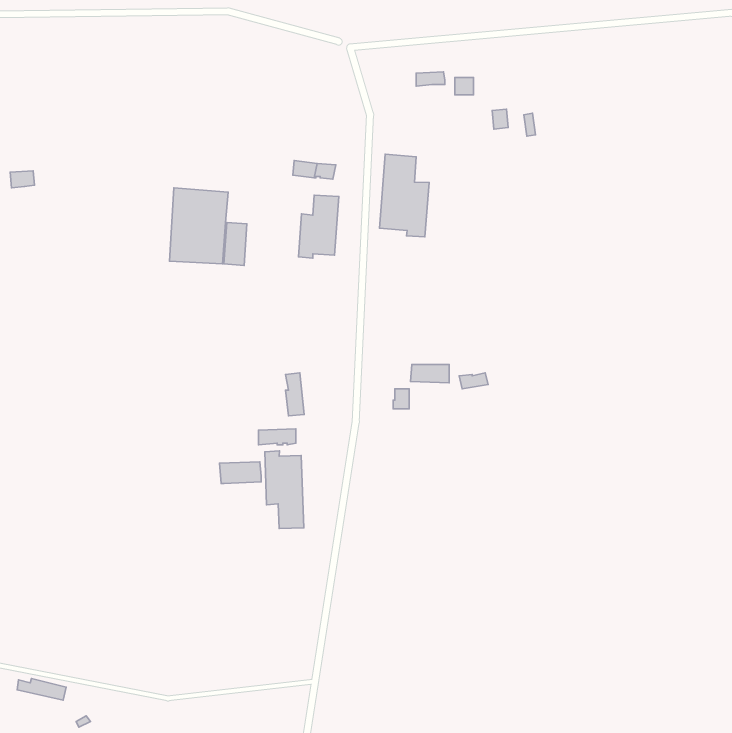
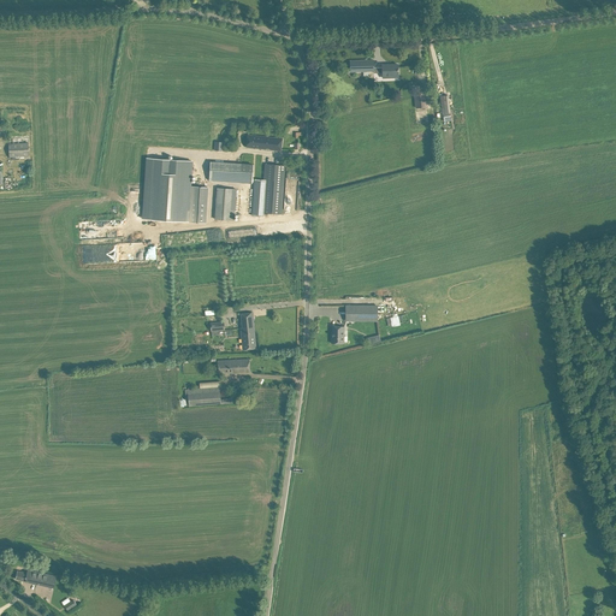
building: [380,154,429,237] -> none
building: none -> [208,161,251,183]
building: none -> [214,188,235,220]
building: [265,451,304,529] -> none

